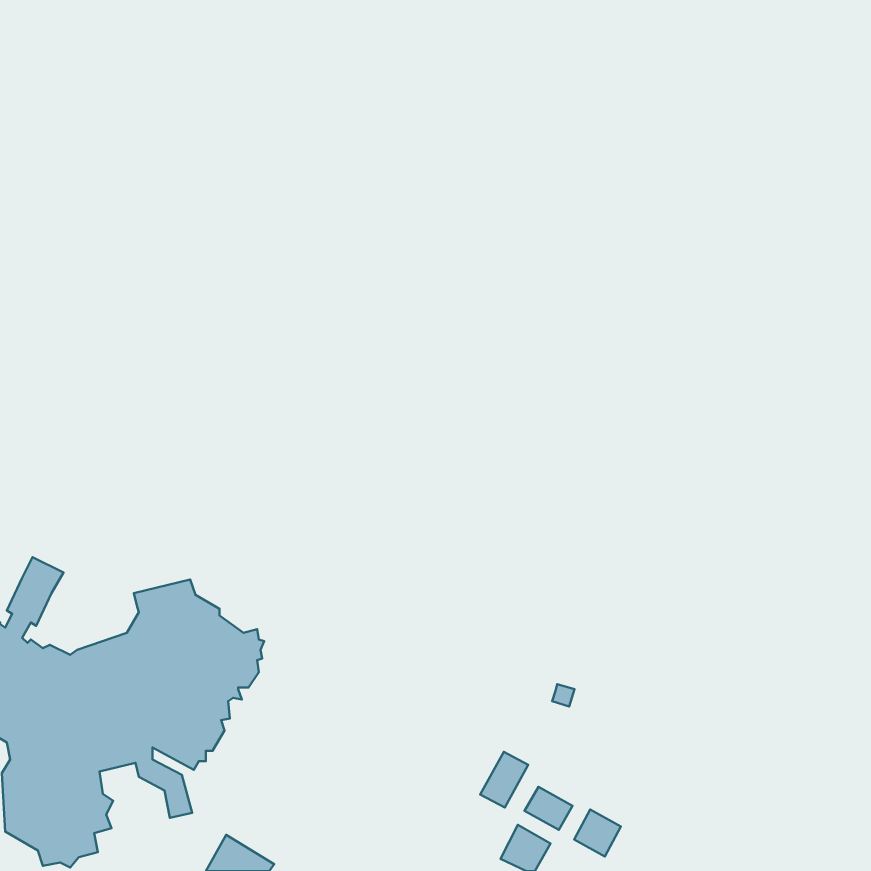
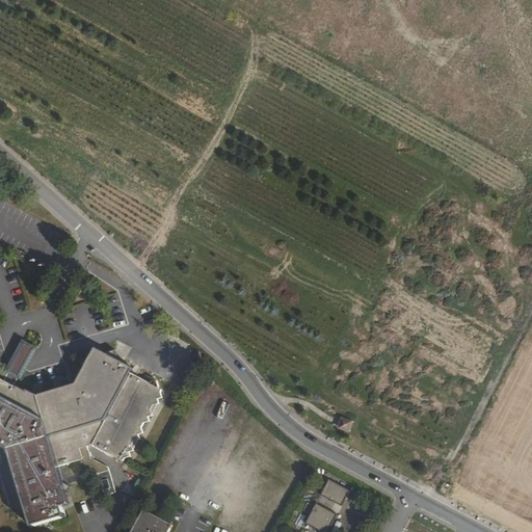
building: [480,752,528,807] -> none
building: [574,810,621,857] -> none

